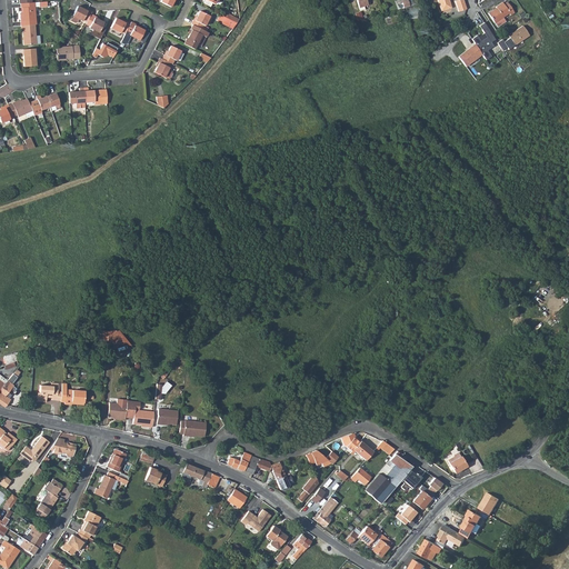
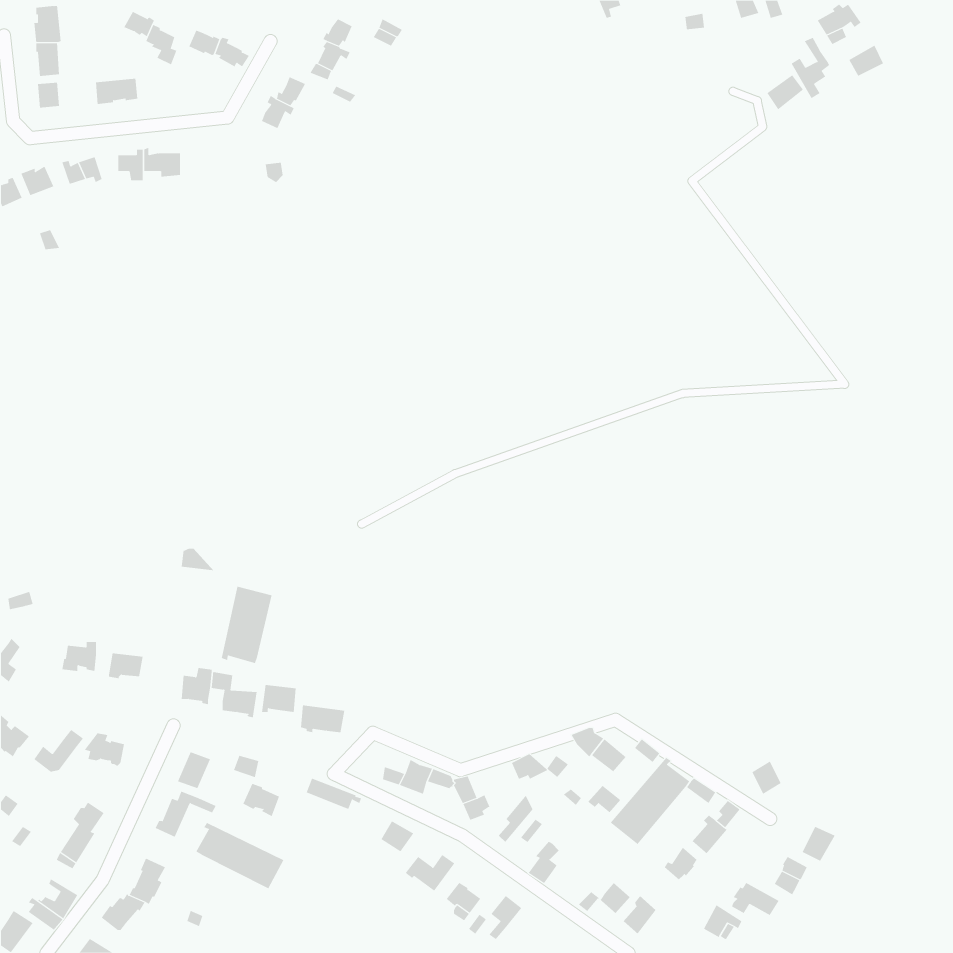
building: none -> [221,586,272,664]
building: none -> [195,822,284,889]

